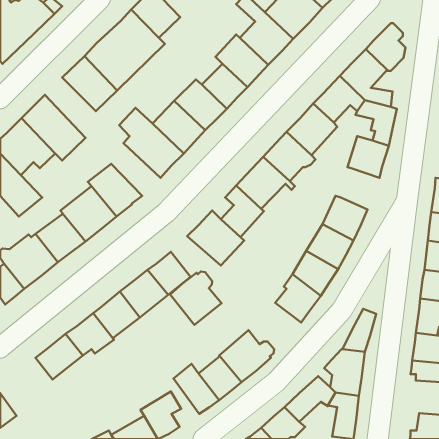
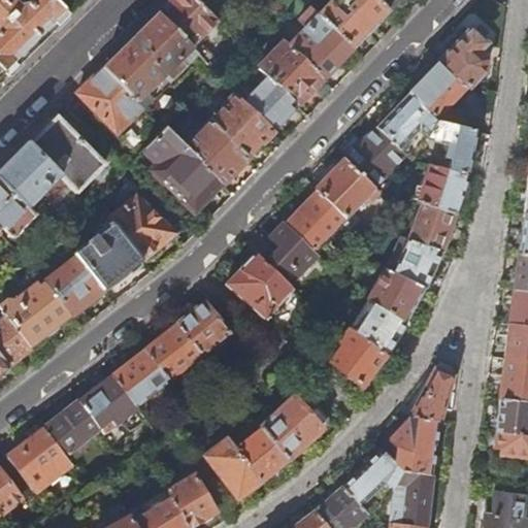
building: none -> [409,201,456,251]
building: [170,272,221,325] -> none
building: none -> [8,428,71,491]

